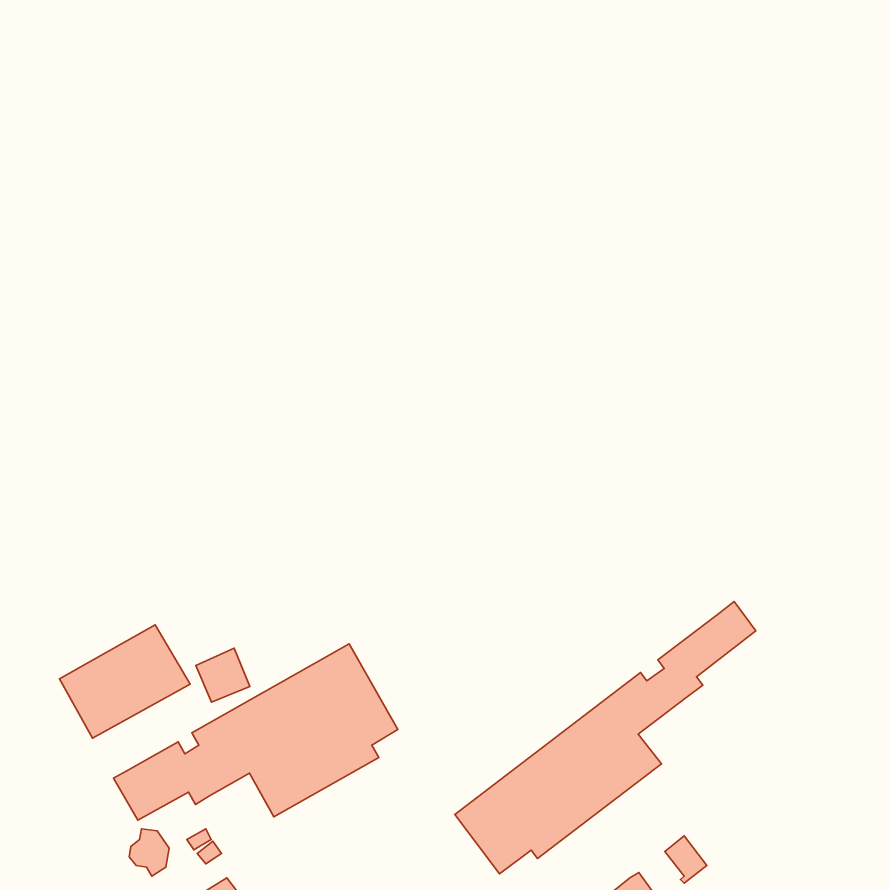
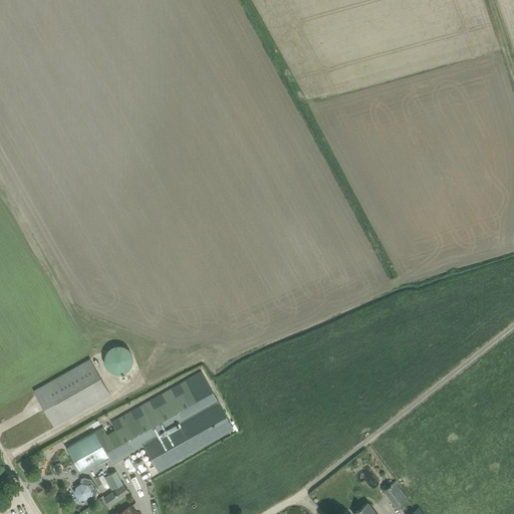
building: [455,601,756,874] -> none
building: [196,648,250,702] -> [106,343,138,374]

